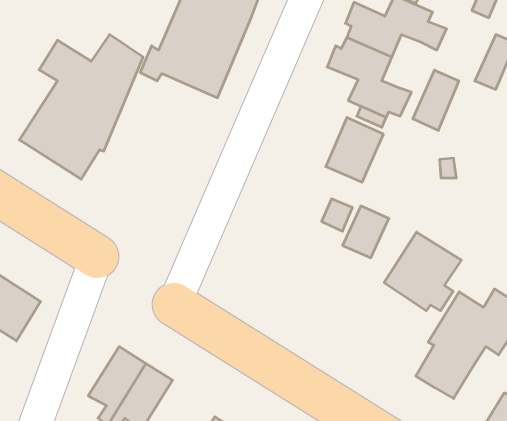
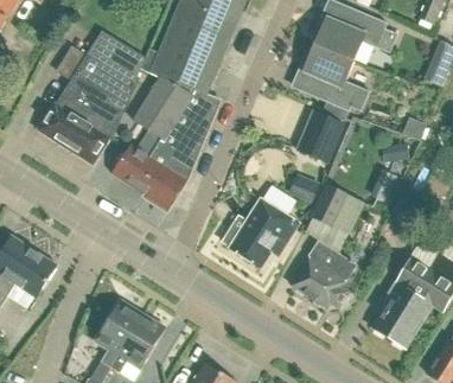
building: [413,70,459,131] -> none
building: none -> [111,71,219,208]
building: none -> [222,197,300,266]
building: [384,232,461,311] -> [293,241,358,307]

